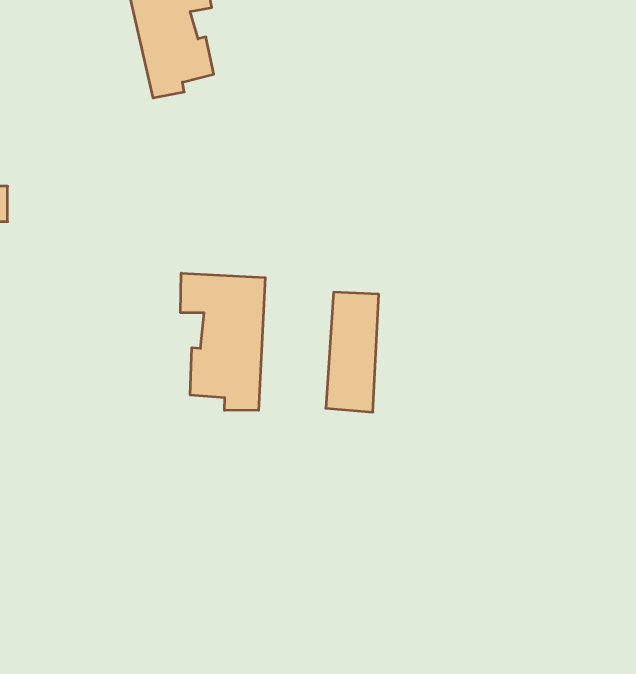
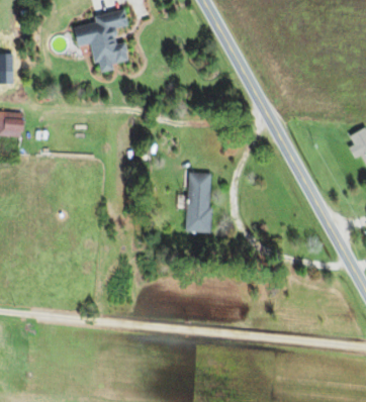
building: [181,273,265,410] -> none

